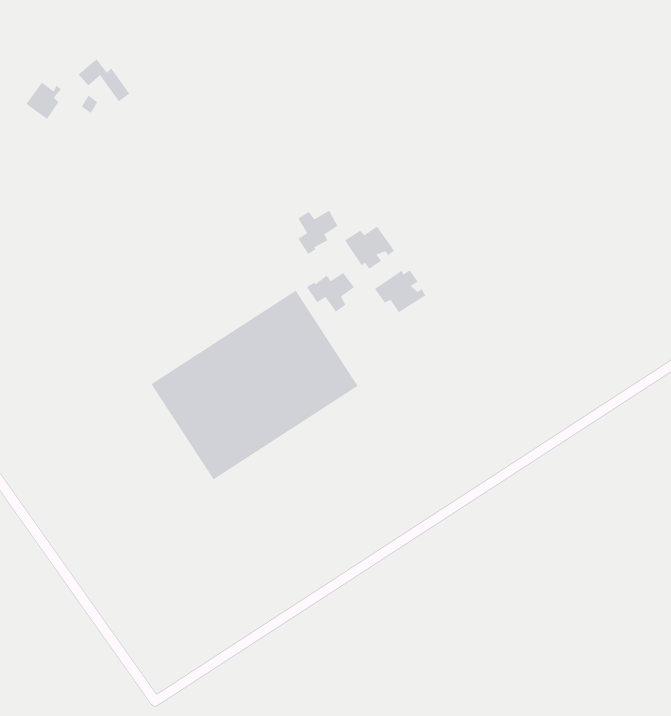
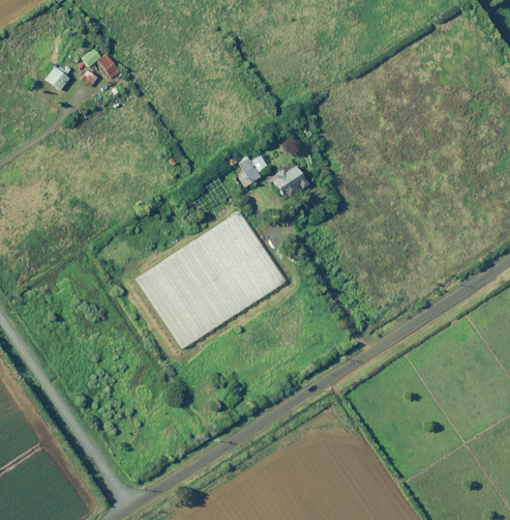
building: [374,270,426,313] -> none
building: [306,272,355,313] -> none

